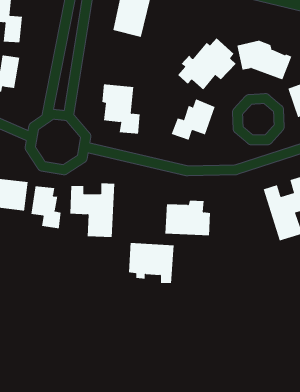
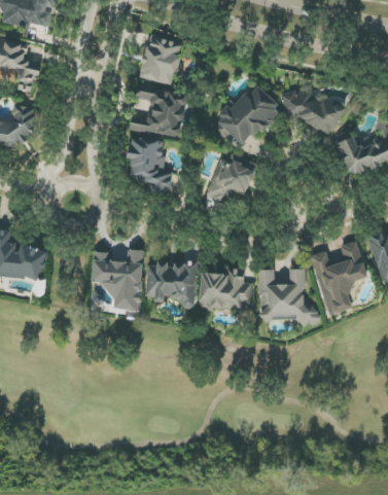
building: none -> [130,85,186,138]
building: [31,185,61,229] -> none
building: none -> [258,269,309,322]
building: [128,242,175,284] -> [145,261,198,308]

